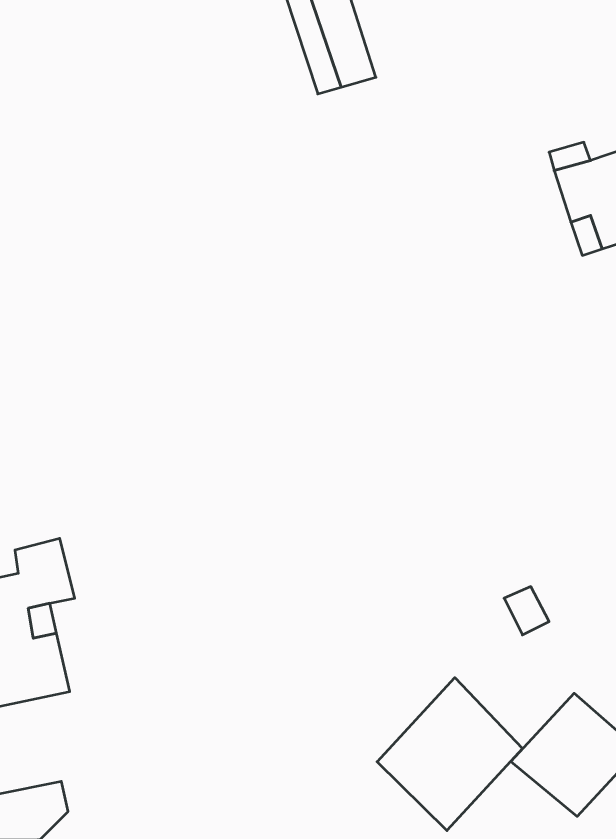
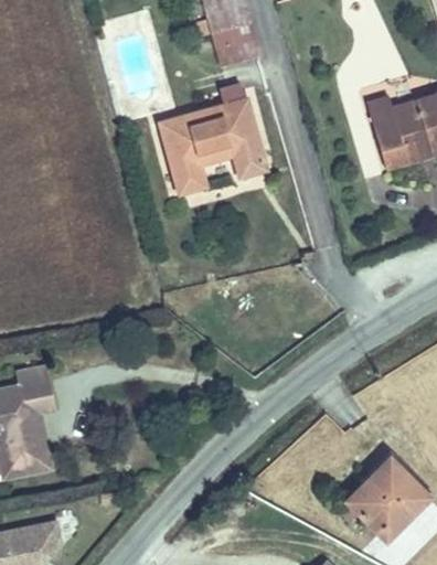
building: none -> [158,92,267,191]
building: [377,678,523,831] -> none

